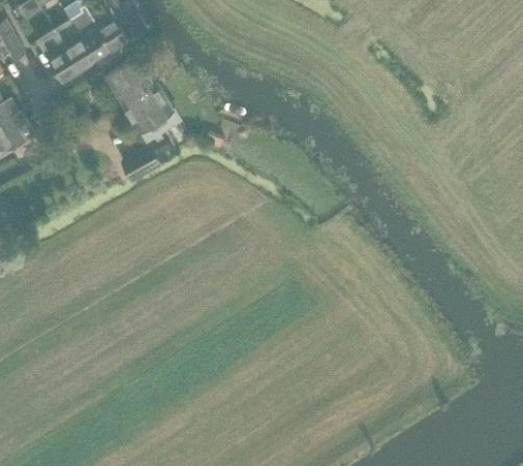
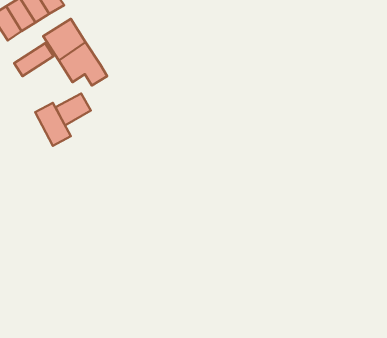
building: none -> [14,43,54,76]
building: none -> [35,103,71,146]

